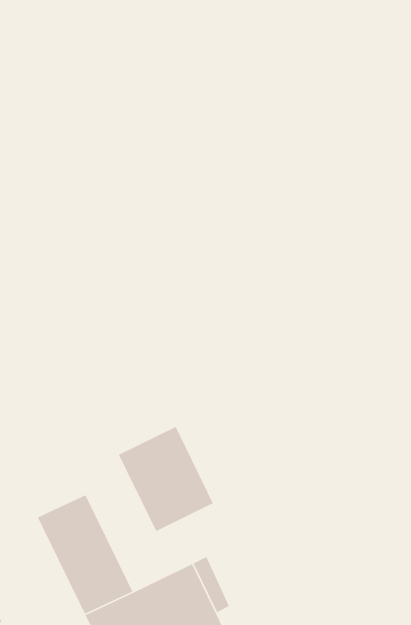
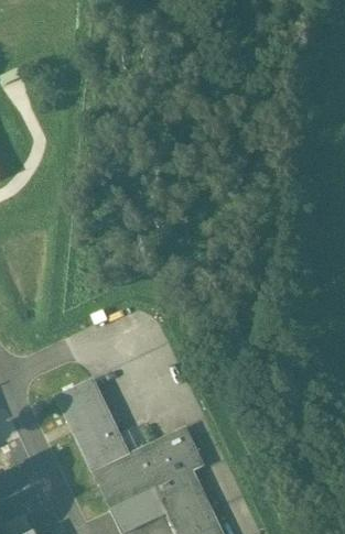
building: [118,426,214,532] -> none

